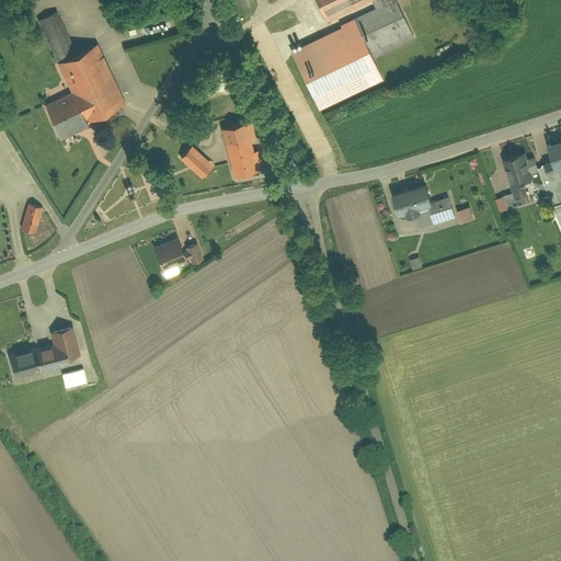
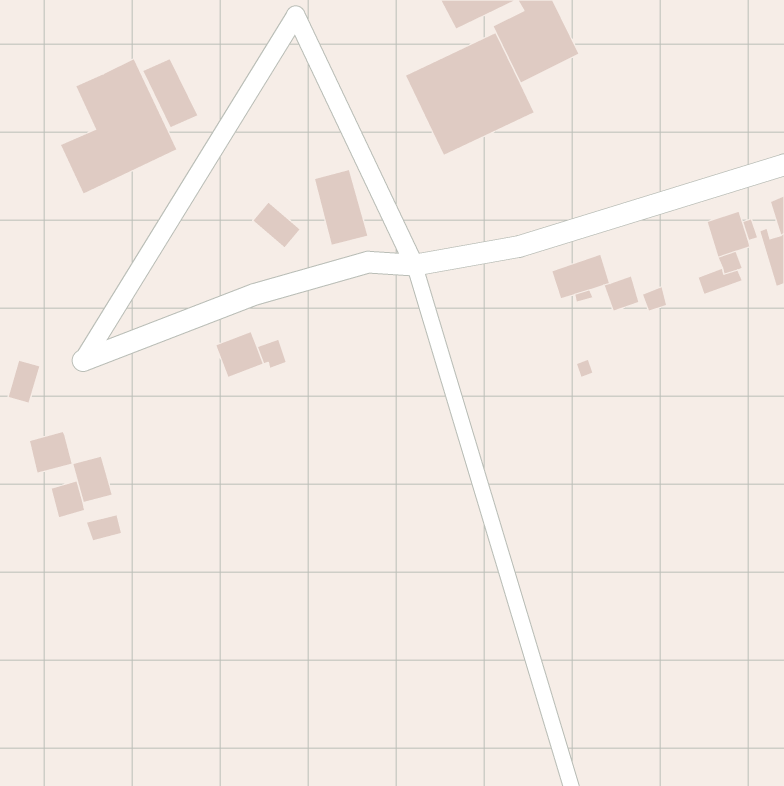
building: [34,13,73,62] -> [143,59,198,128]
building: [21,201,44,231] -> [8,360,40,403]
building: [11,346,42,376] -> [29,432,72,473]

